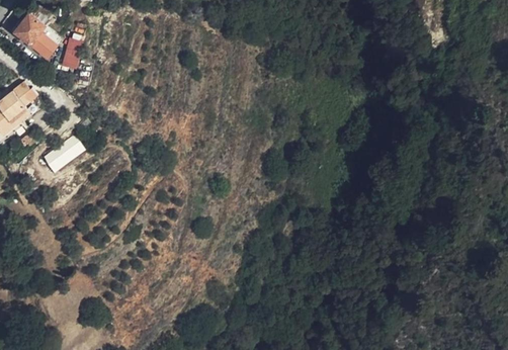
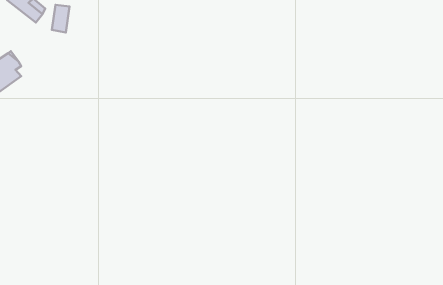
building: [44,135,86,172] -> none

